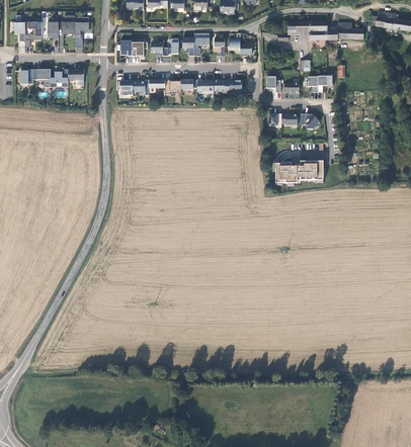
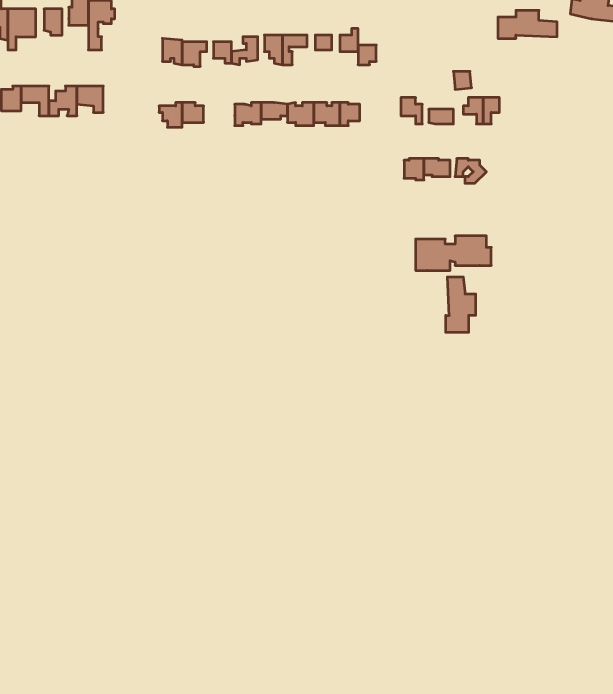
building: [287,21,326,40] -> none
building: none -> [446,277,476,332]

